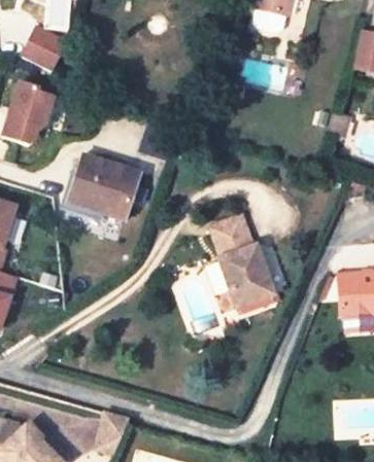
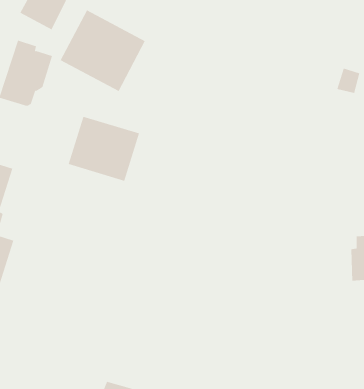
building: none -> [60,9,146,92]
building: [210,214,271,305] -> none

